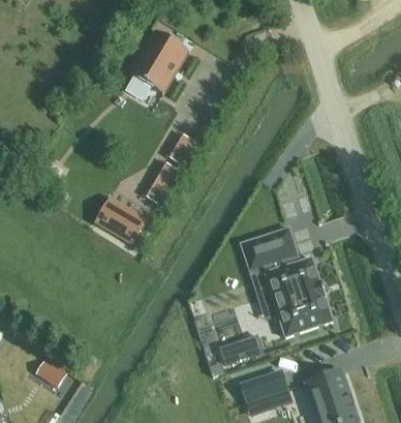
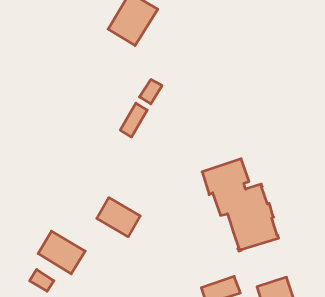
building: [94,198,146,244] -> [97,198,140,237]
building: none -> [38,231,85,274]
building: [218,335,261,365] -> none

